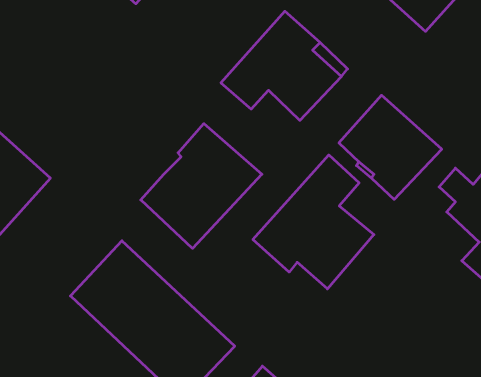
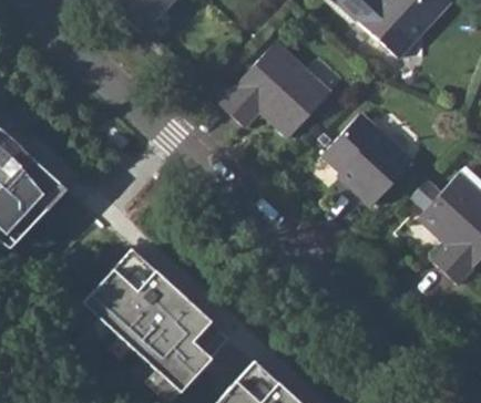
building: [141,124,262,248] -> none
building: [253,155,374,289] -> none

